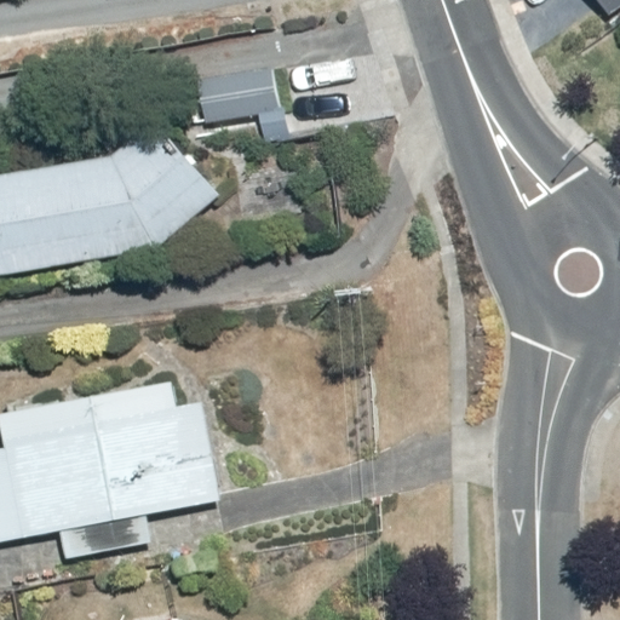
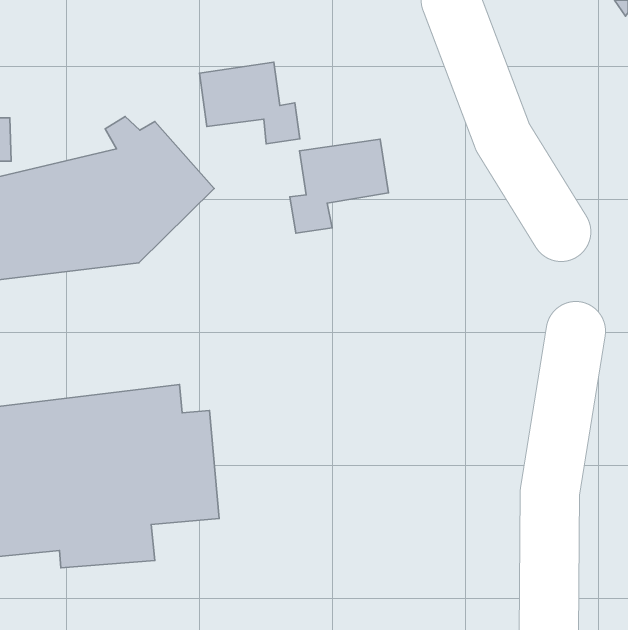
building: none -> [290,139,389,233]

